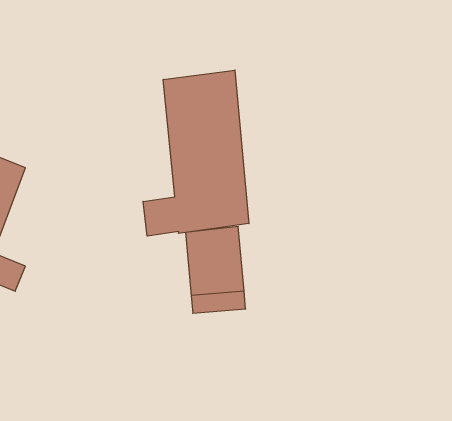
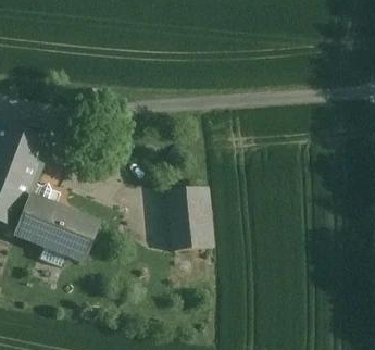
building: [143,70,249,236] -> none
building: none -> [39,204,99,260]

